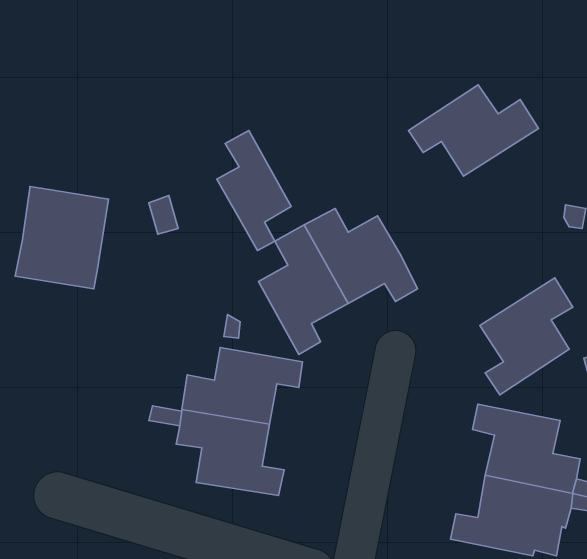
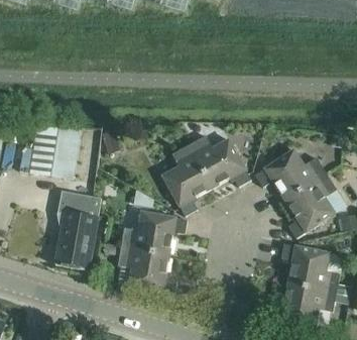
building: [409,85,538,176] -> [254,148,326,199]
building: [217,131,291,250] -> none
building: none -> [54,167,97,269]

